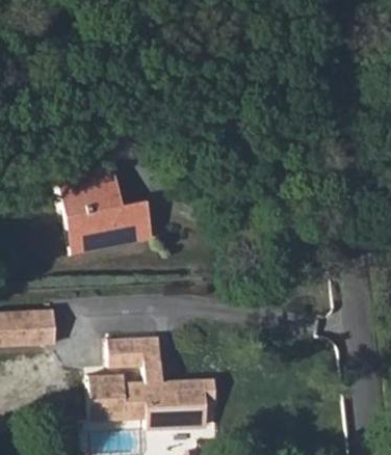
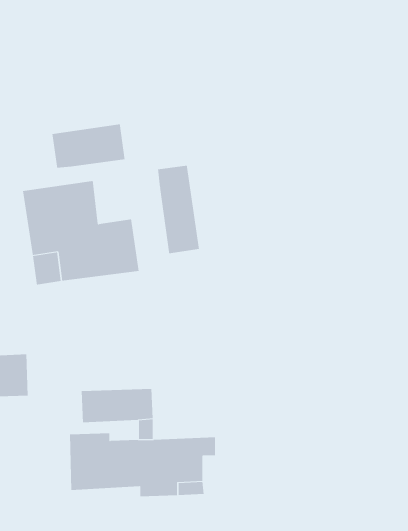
building: none -> [52,123,125,168]
building: none -> [158,165,200,254]

